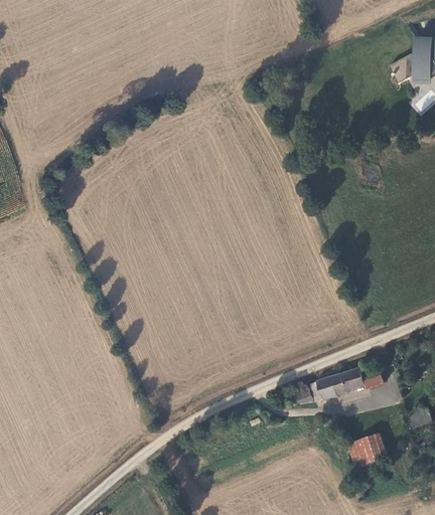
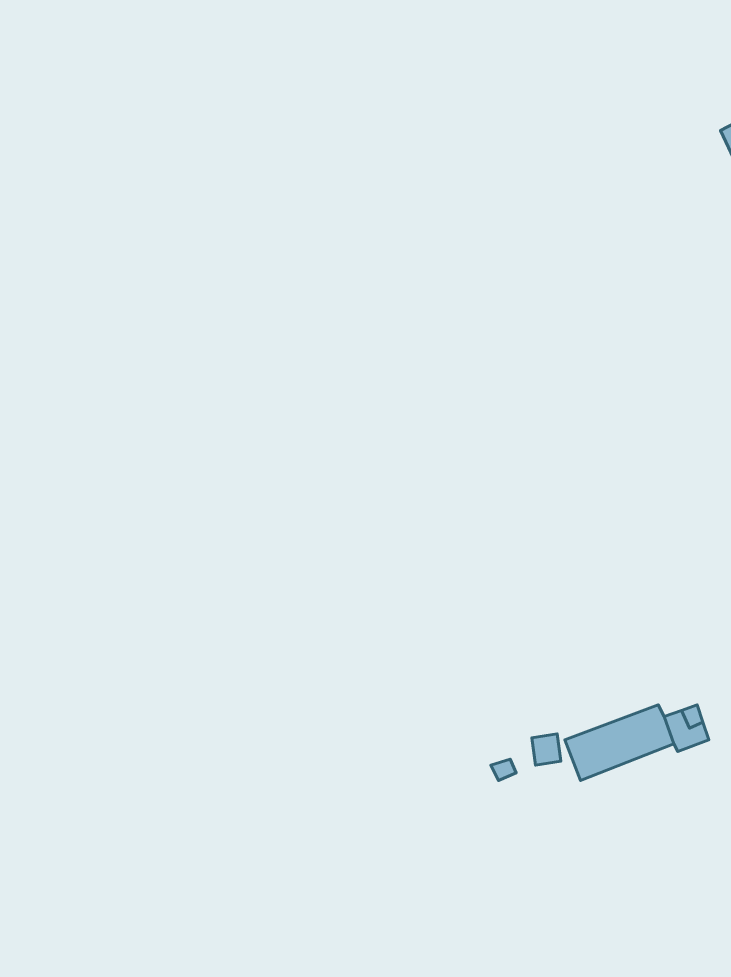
building: [348,435,389,470] -> none

